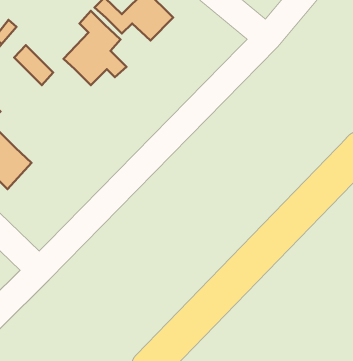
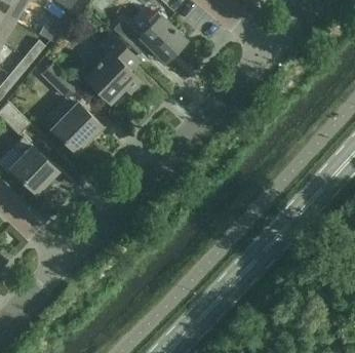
building: none -> [52,104,101,152]

